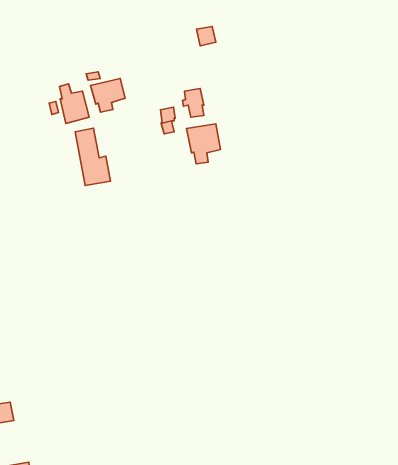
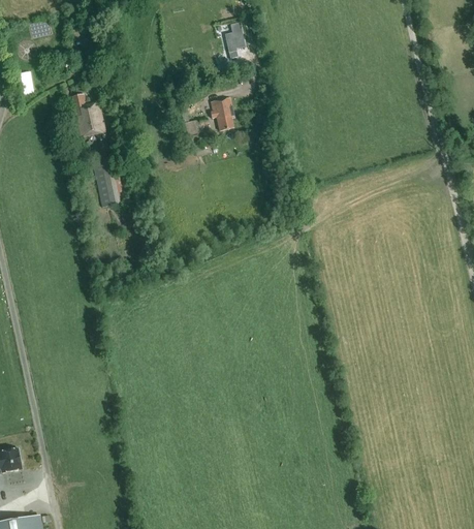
building: [90,79,125,112] -> none
building: [186,124,221,164] -> none

